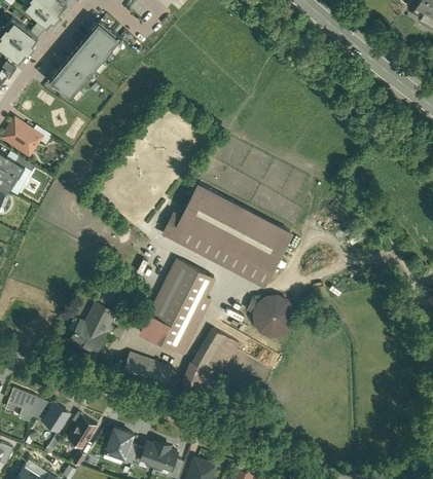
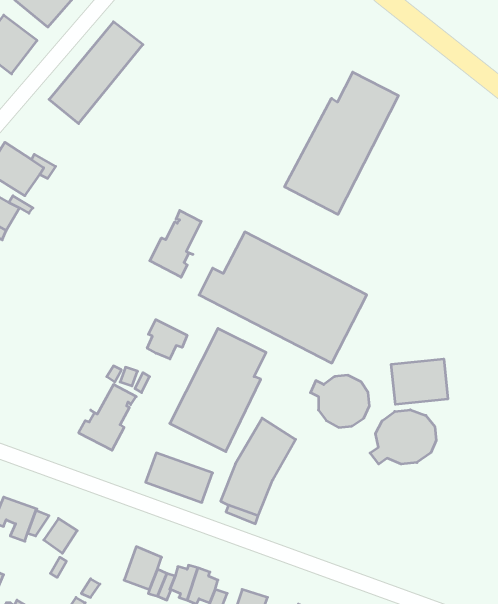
building: none -> [285,72,398,214]
building: none -> [150,210,201,277]
building: none -> [147,320,187,359]
building: none -> [391,359,448,404]
building: none -> [370,410,436,464]
building: [68,416,97,449] -> none

